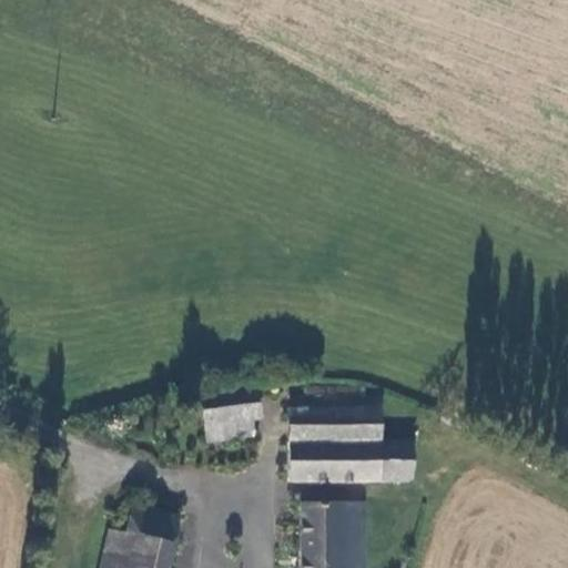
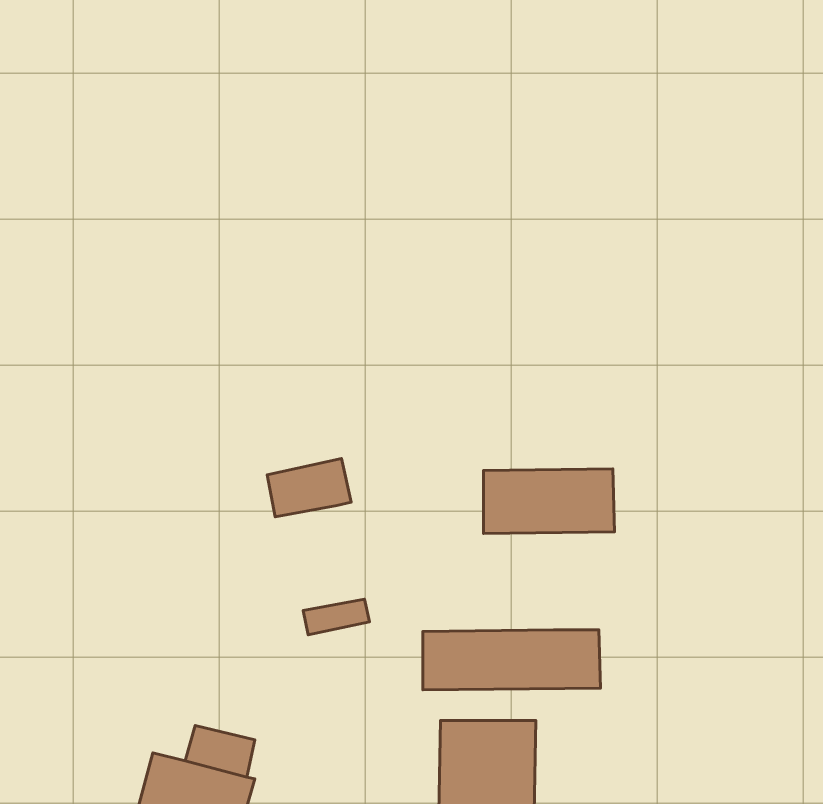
building: [203,392,261,432] -> [267,459,351,517]
building: [291,402,381,446] -> [484,469,614,533]

